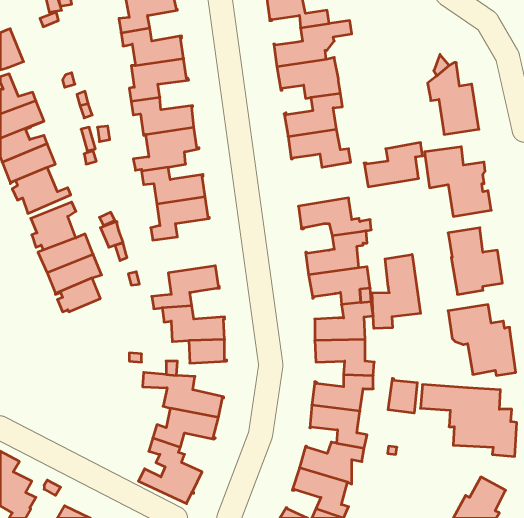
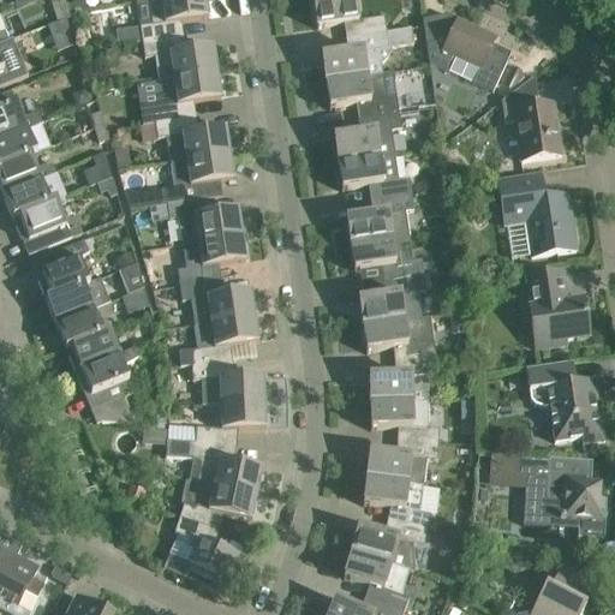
building: none -> [422,12,510,88]
building: [364,143,423,187] -> [345,190,413,241]
building: none -> [179,277,252,320]
building: [372,254,421,328] -> none
building: none -> [76,344,138,419]
building: [388,378,417,413] -> none

